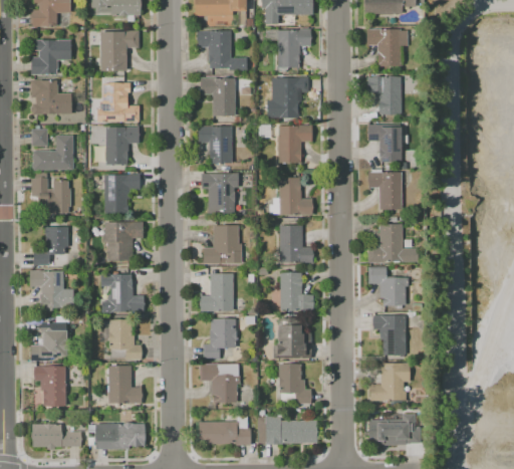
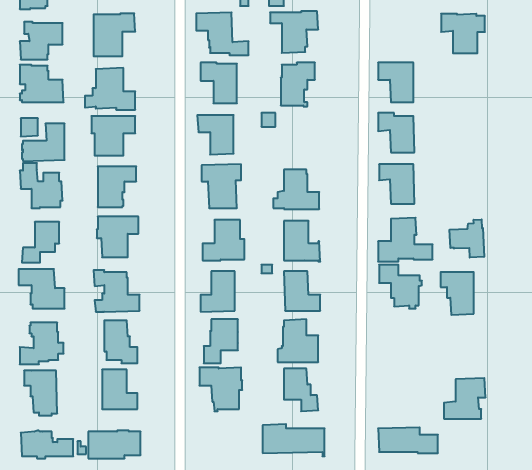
building: [366,29,408,66] -> [441,14,485,53]
building: [278,125,311,163] -> none
building: none -> [450,219,484,258]
building: [373,315,405,356] -> [441,272,474,315]
building: [370,363,410,401] -> [444,378,486,419]
building: [198,416,250,445] -> none

